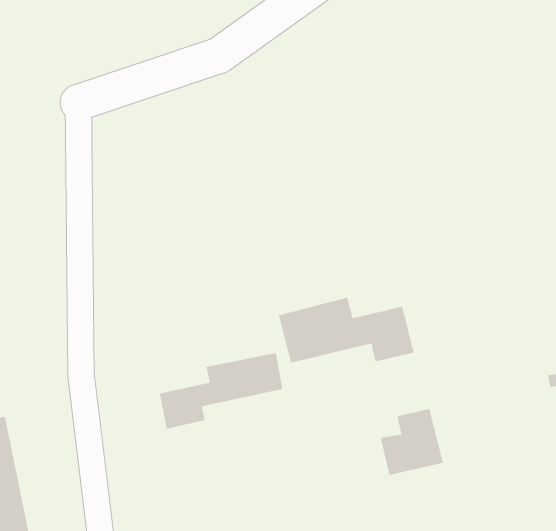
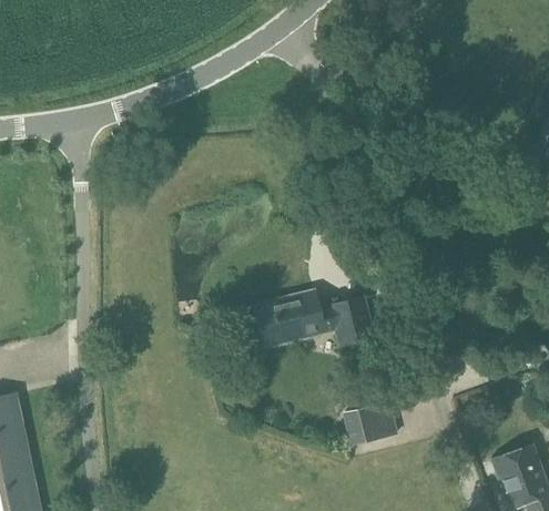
building: [159,352,283,429] -> none

